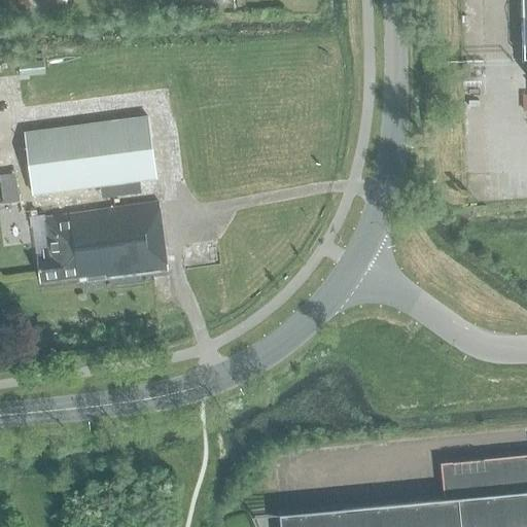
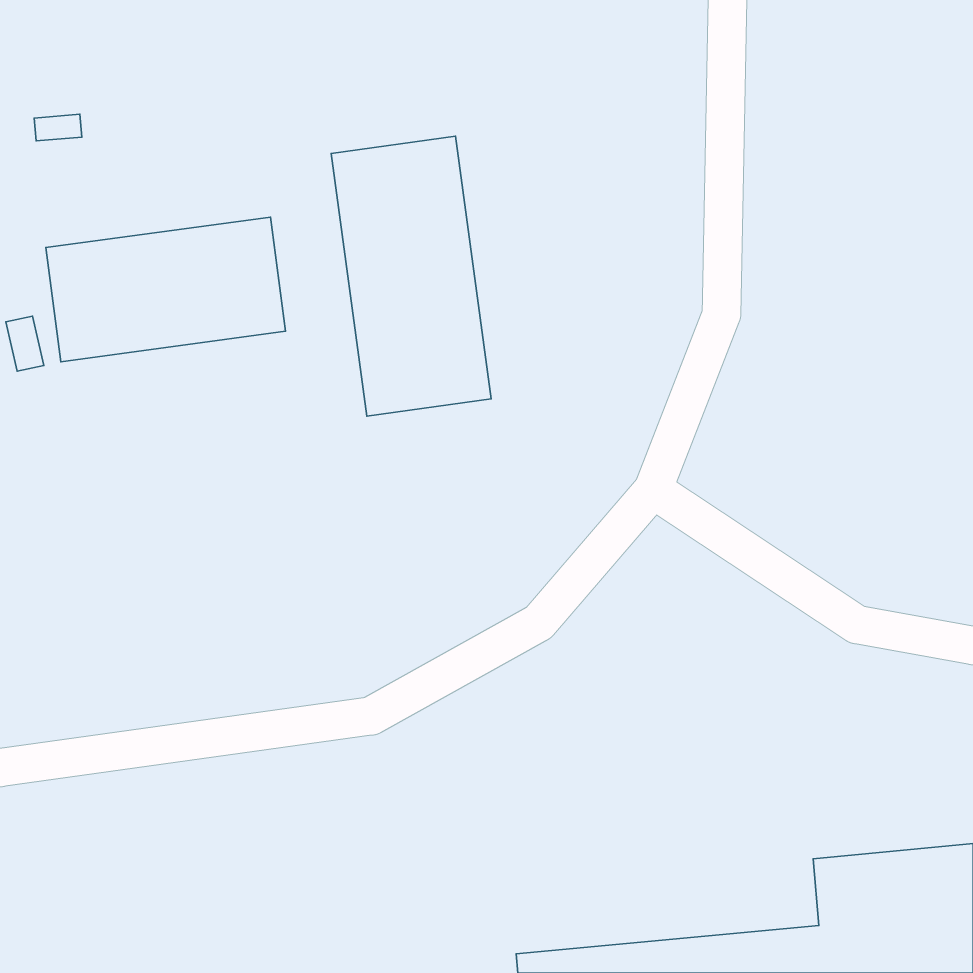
building: none -> [331,136,491,416]
building: [36,204,167,283] -> none

